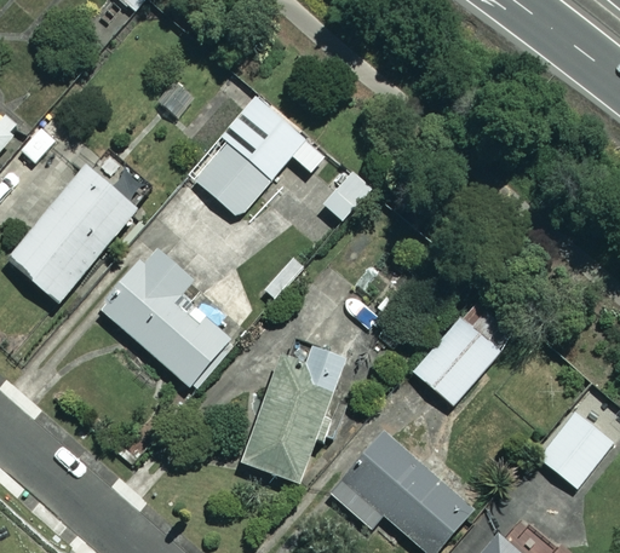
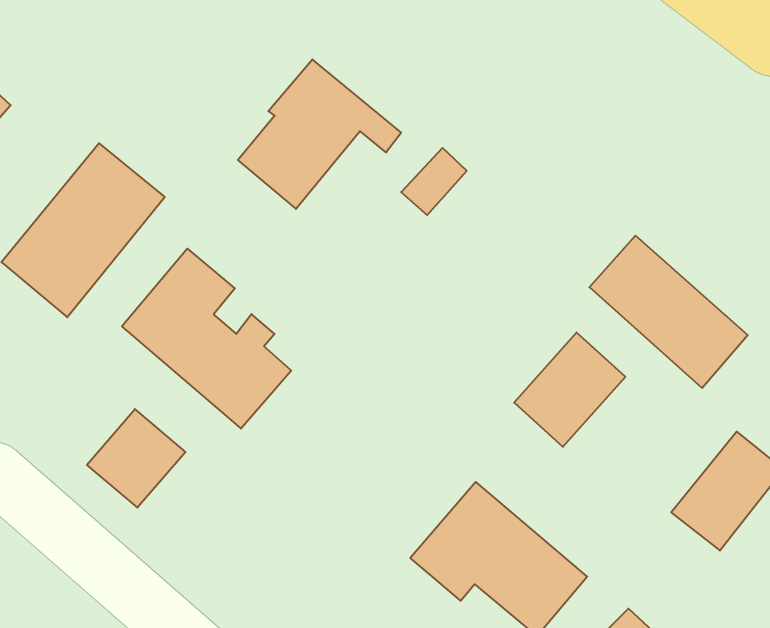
building: none -> [589,236,748,388]
building: [240,345,345,483] -> none
building: none -> [87,409,185,508]

